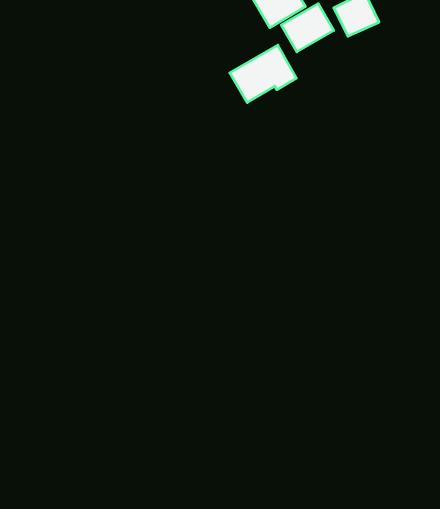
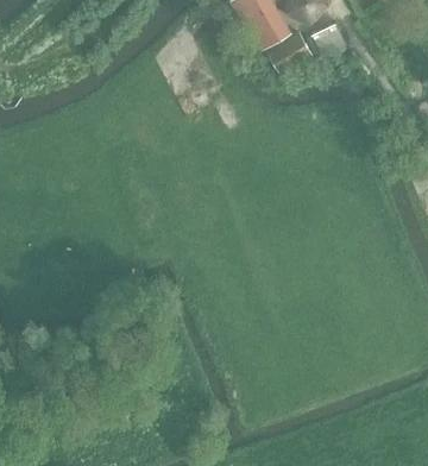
building: [230,45,296,103] -> none

